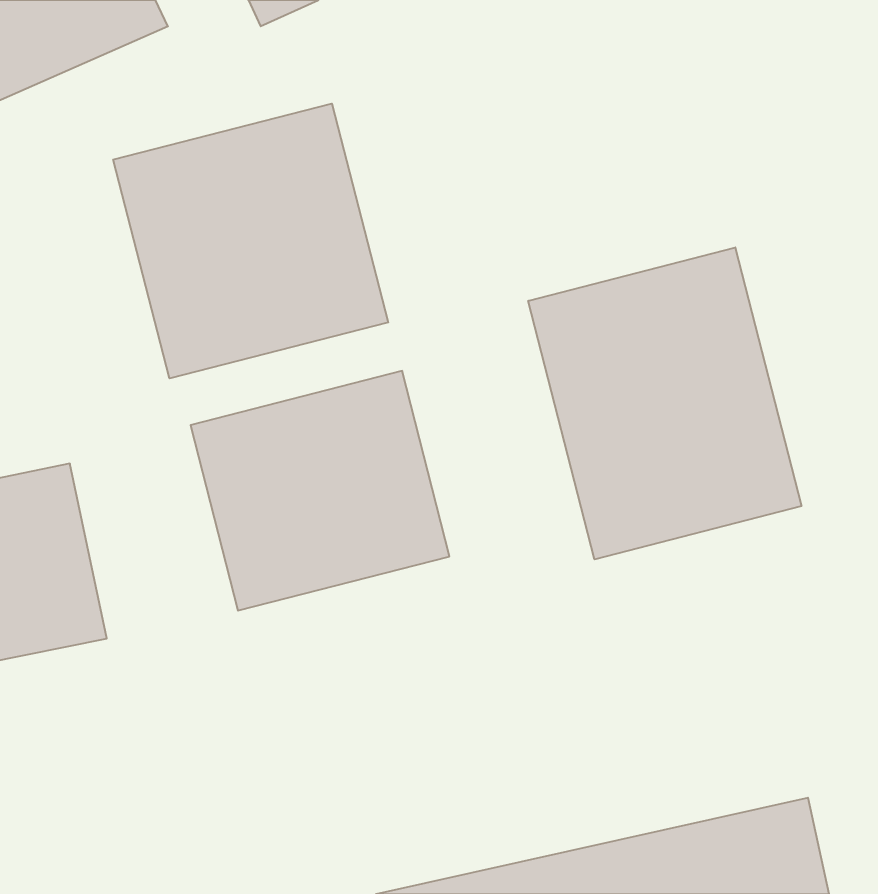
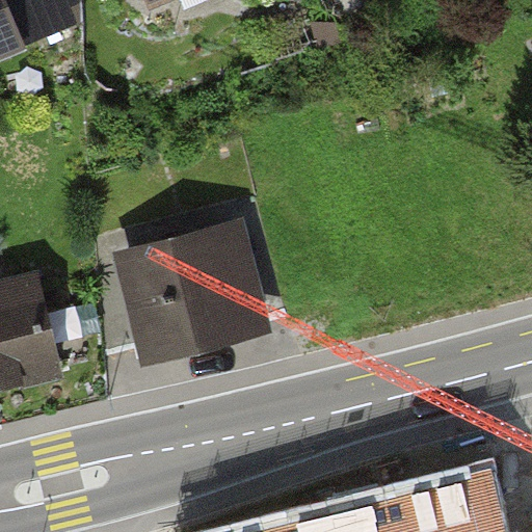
building: [113,104,388,378] -> none
building: [528,247,801,559] -> none

